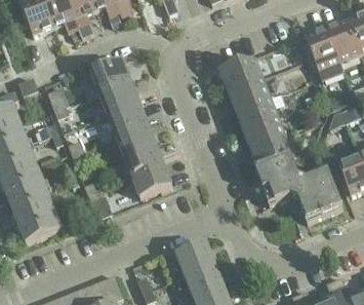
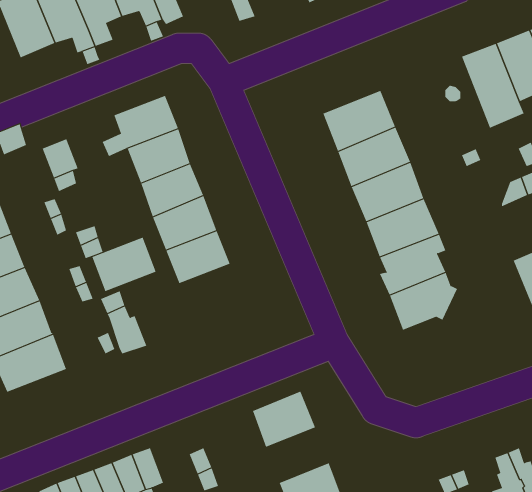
building: [131,163,171,197] -> [91,237,157,292]
building: [293,171,342,221] -> none
building: [185,264,224,298] -> none

